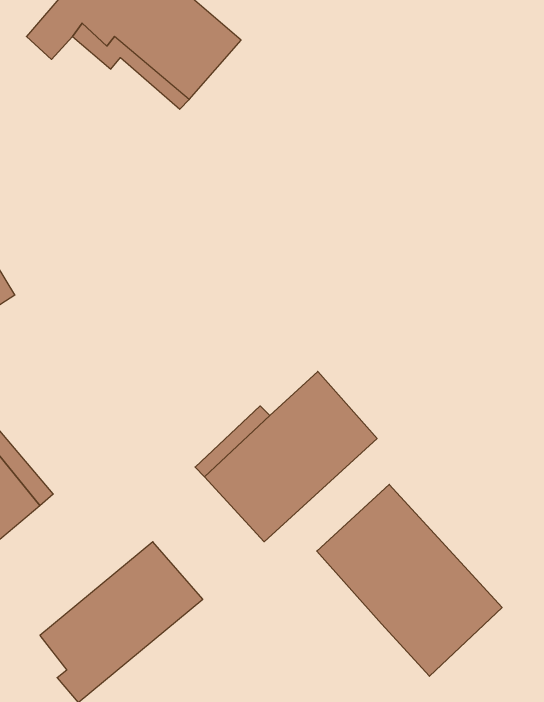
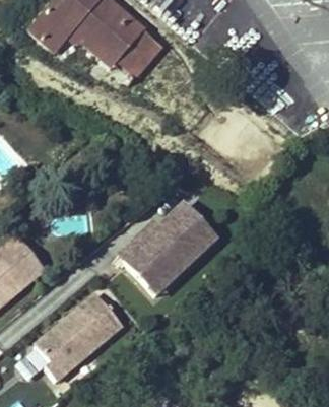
building: none -> [116,29,161,77]
building: [317,484,502,676] -> none

